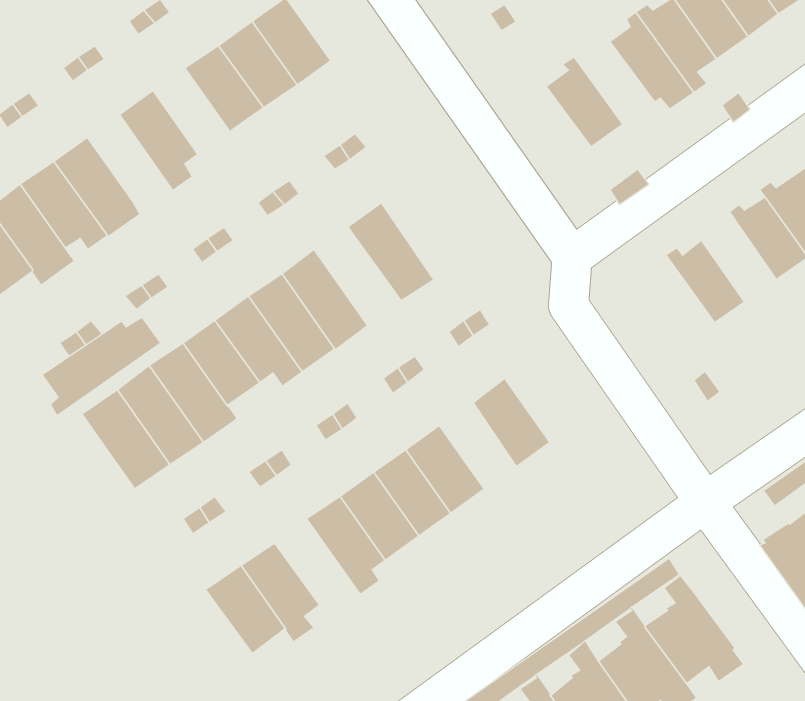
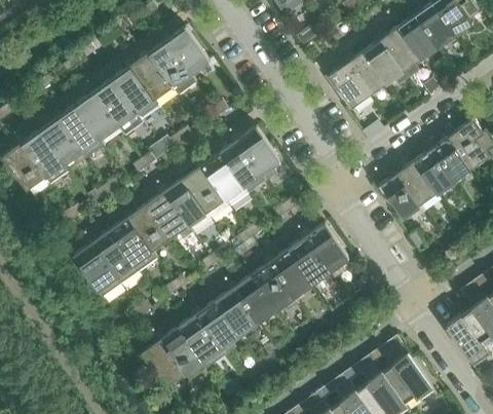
building: none -> [343,51,387,97]
building: none -> [112,66,161,121]
building: none -> [76,91,118,139]
building: none -> [237,126,280,182]
building: none -> [413,145,454,194]
building: none -> [200,153,249,208]
building: none -> [378,168,425,220]
building: [42,317,161,416] -> none
building: none -> [305,223,349,278]
building: none -> [269,250,311,297]
building: none -> [179,313,226,363]

